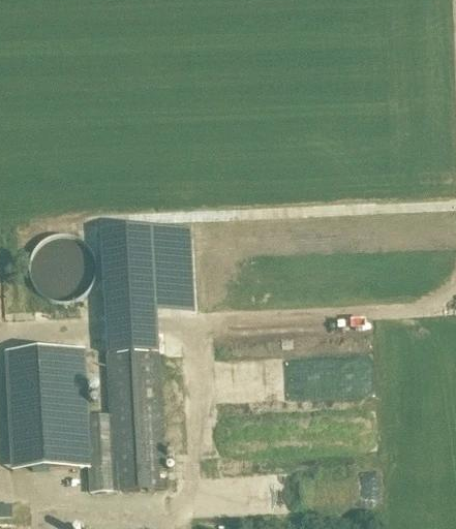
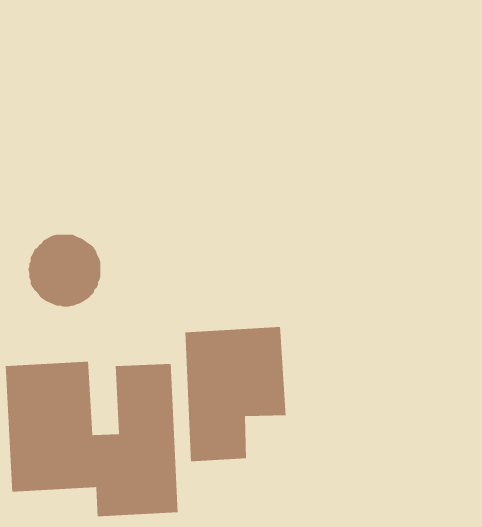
building: [100,224,193,348] -> [185,326,287,462]

